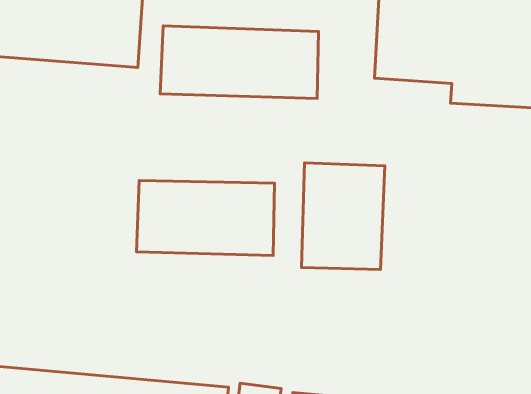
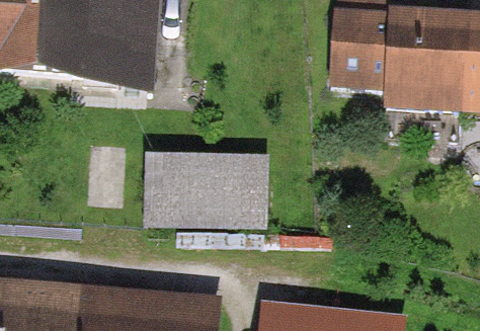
building: [160,26,319,98] -> none
building: [301,163,385,269] -> none

